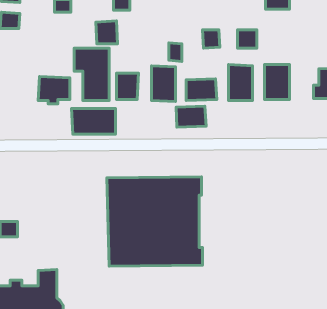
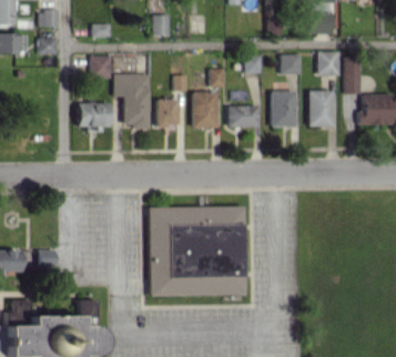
building: [96,21,118,44] -> [90,55,112,79]
building: none -> [317,52,339,76]
building: none -> [345,58,362,94]
building: [176,106,206,127] -> none
building: [72,108,116,134] -> none

